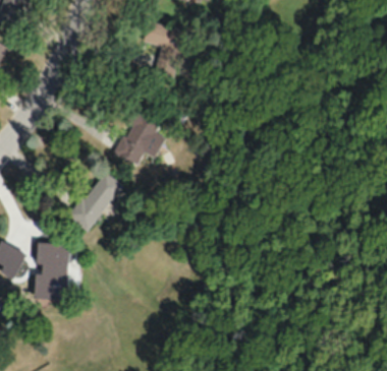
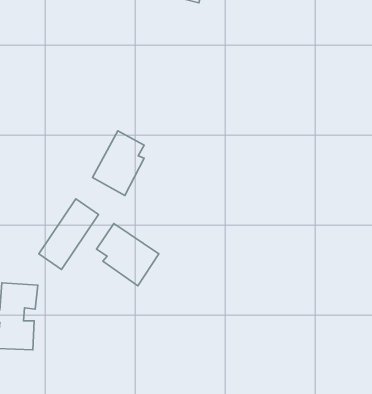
building: [136,19,185,78] -> none
building: none -> [97,223,159,286]

